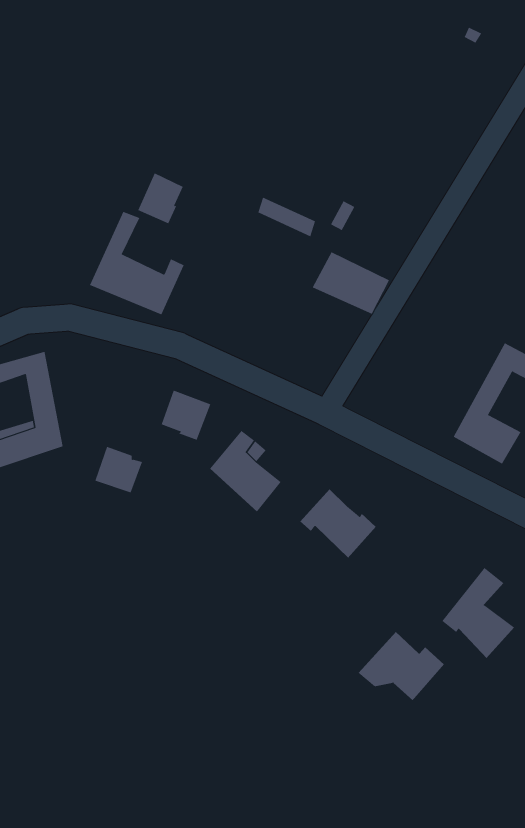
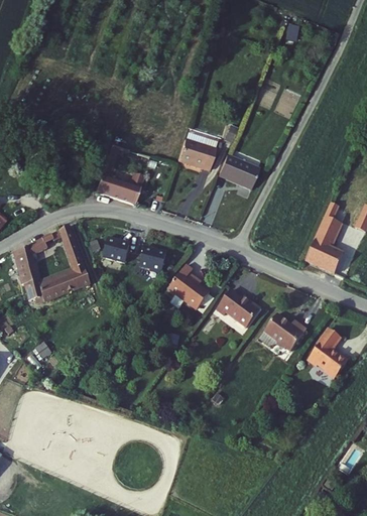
building: [137,173,184,224] -> none
building: none -> [176,140,215,172]
building: [94,446,143,493] -> [104,236,130,261]
building: [358,631,445,701] -> [262,316,311,355]

